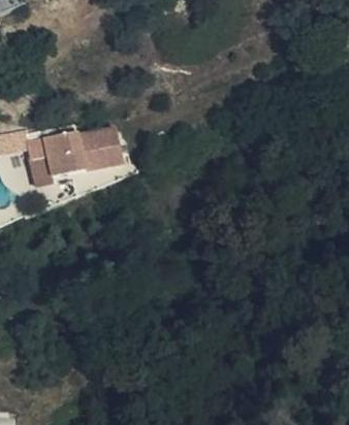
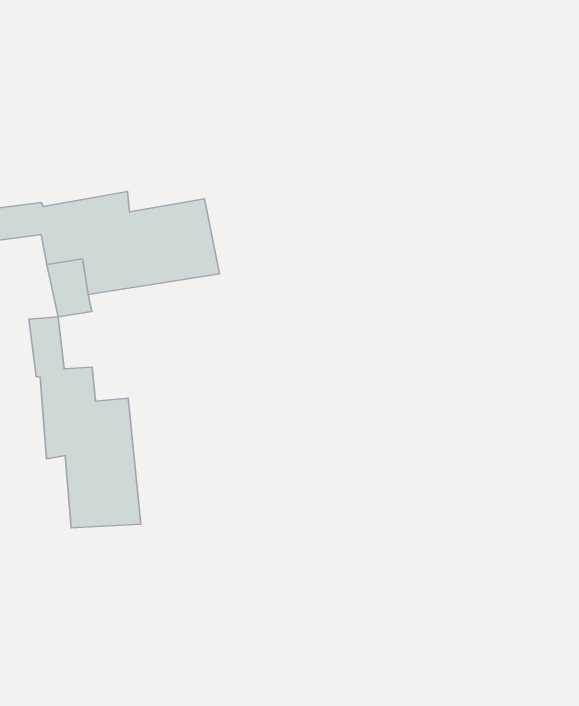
building: none -> [29,317,141,528]

